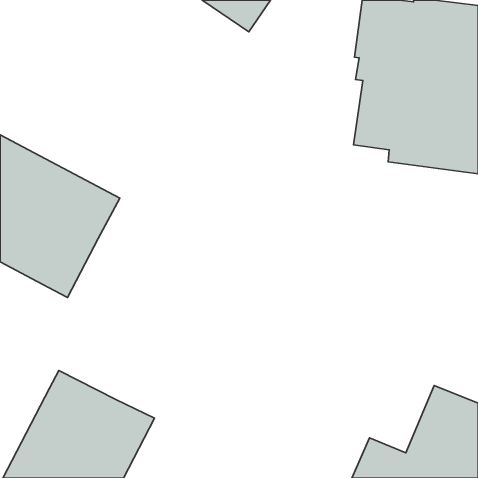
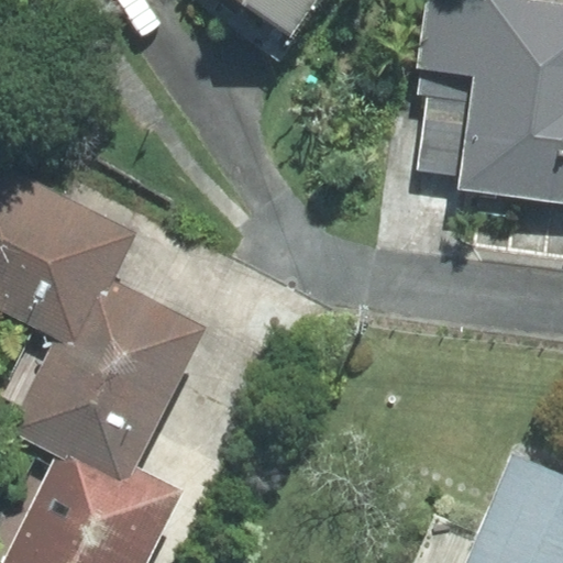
building: none -> [9,280,208,470]

